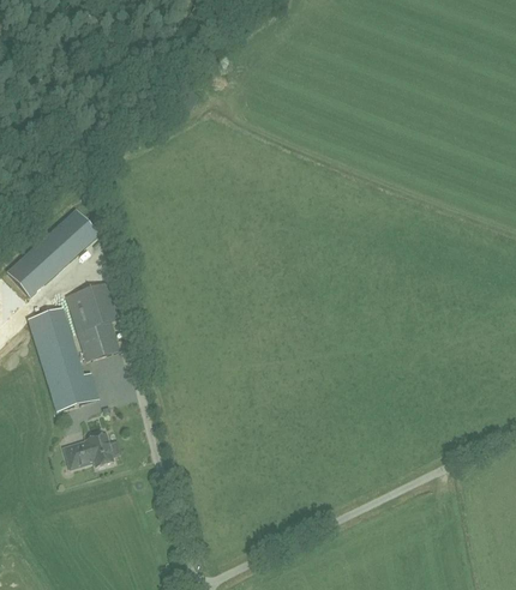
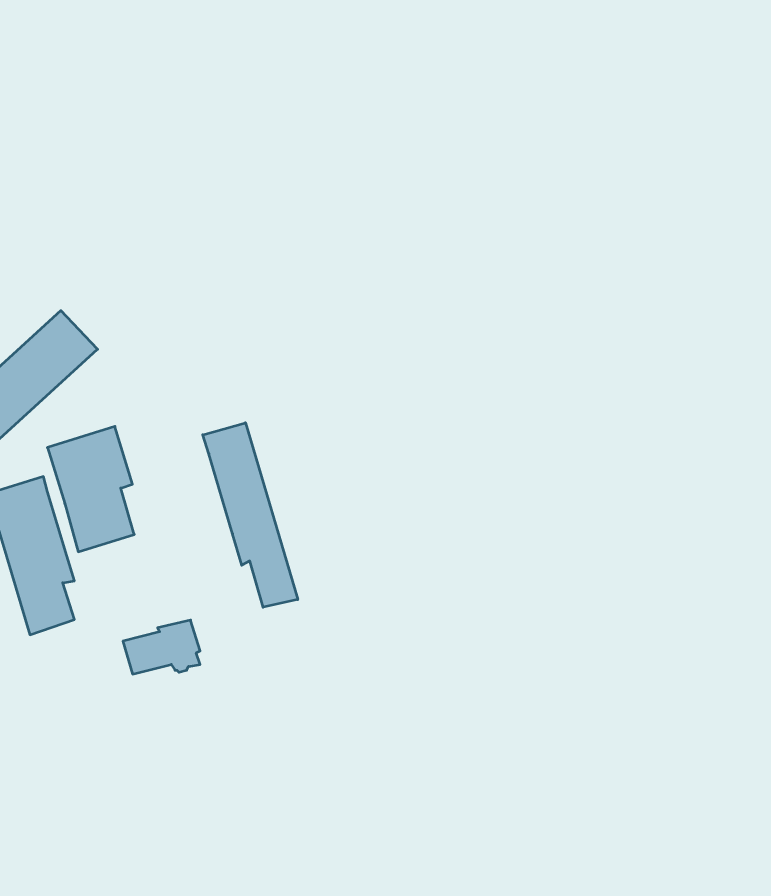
building: none -> [203,423,298,607]
building: [64,433,112,466] -> [123,620,200,674]

